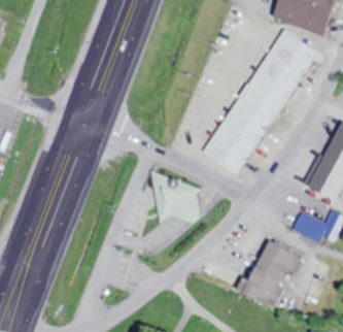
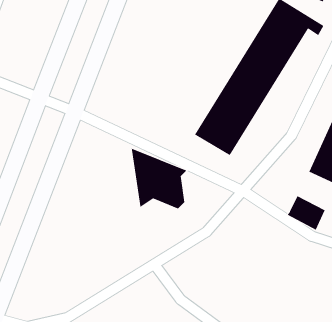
building: [242,240,301,306] -> none

